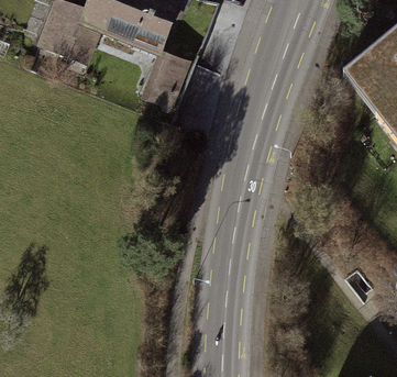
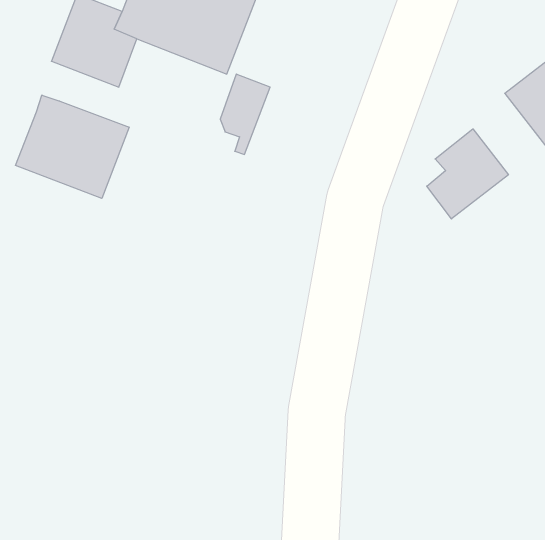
building: none -> [16,95,129,198]
building: none -> [427,129,508,219]

